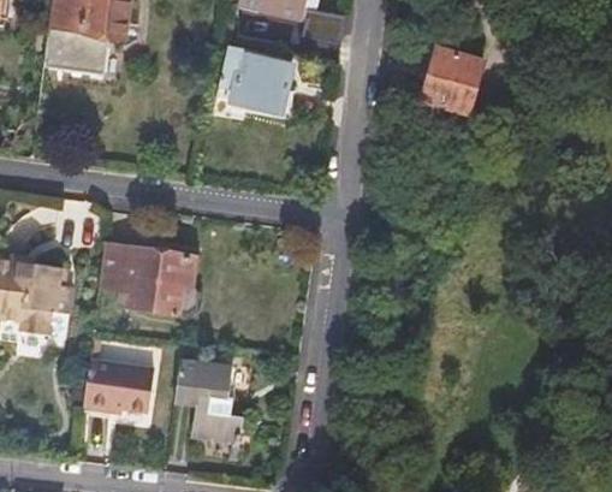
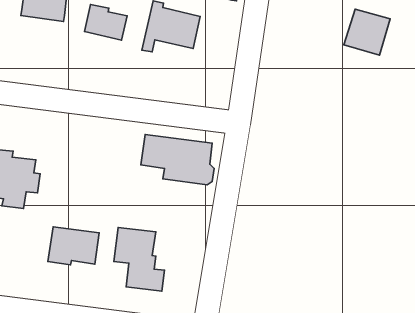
building: [422,51,486,114] -> [344,9,390,55]
building: none -> [85,4,127,40]
building: [99,243,200,313] -> [141,134,214,185]

